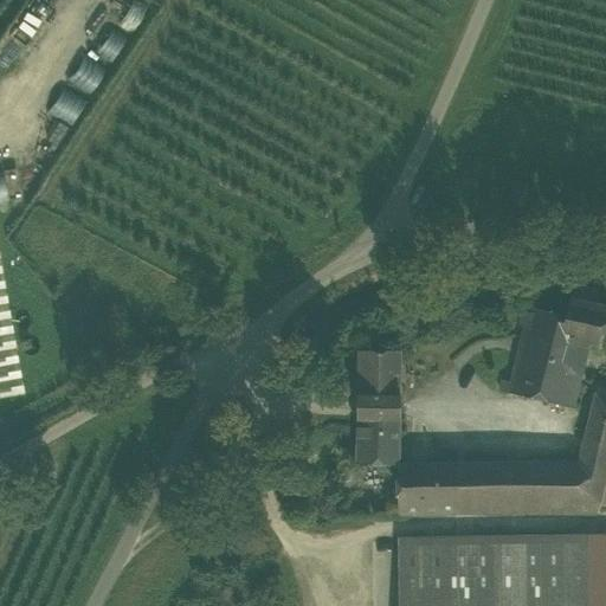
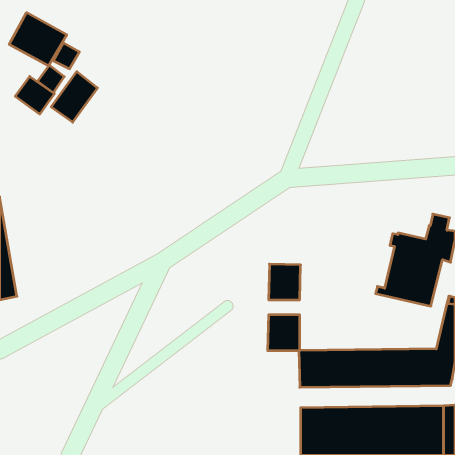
building: none -> [9,13,67,66]
building: none -> [51,72,97,122]
building: none -> [15,76,54,114]
building: [356,398,398,418] -> none

